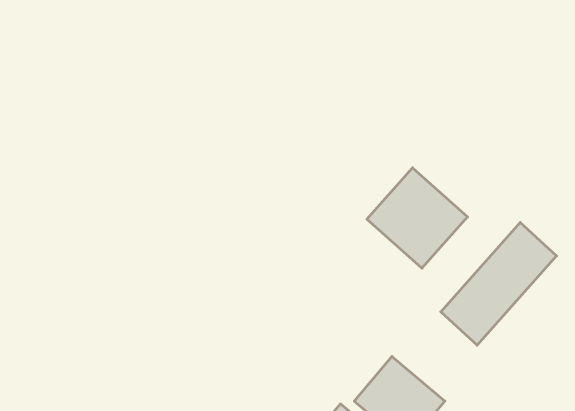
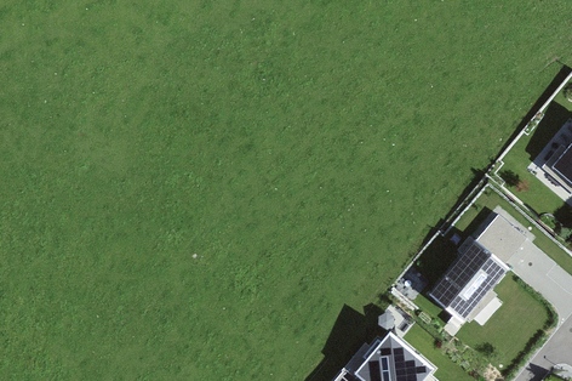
building: [367,168,468,268] -> none

